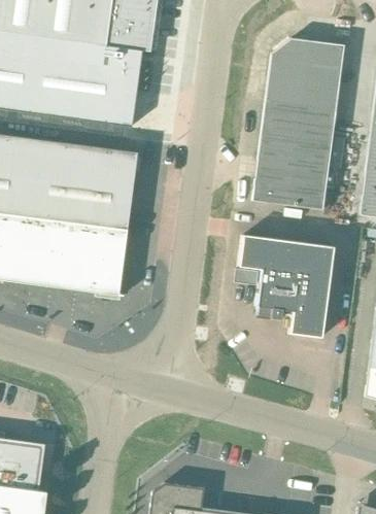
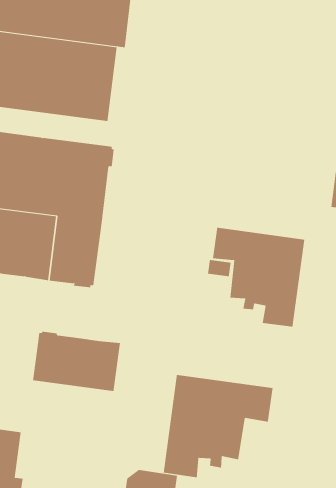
building: [252,38,344,210] -> none
building: none -> [32,331,121,392]
building: none -> [163,374,273,478]

